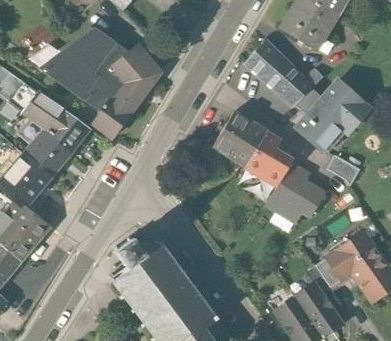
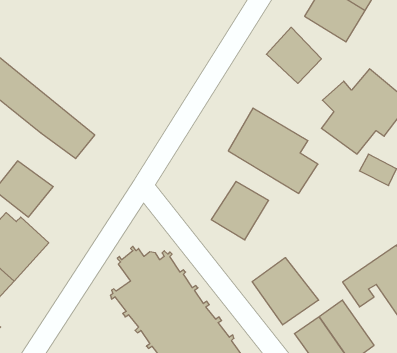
building: [40,28,159,137] -> none
building: [274,67,315,107] -> none
building: [24,133,76,181] -> none
building: [270,161,321,213] -> [211,181,269,240]
building: none -> [252,258,319,325]

